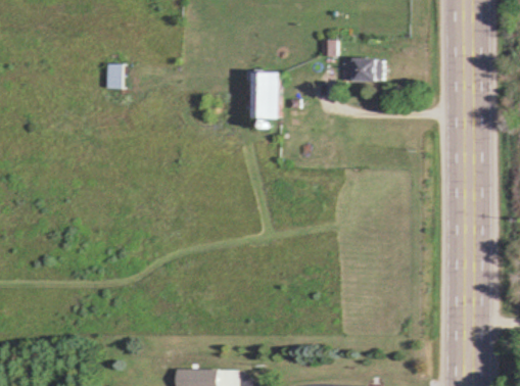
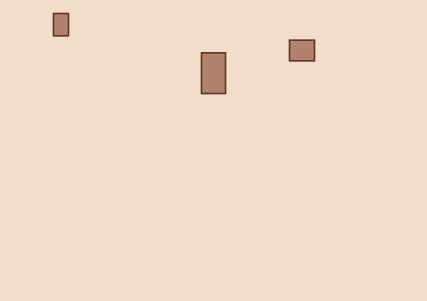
building: [106,64,124,90] -> [53,13,69,36]

